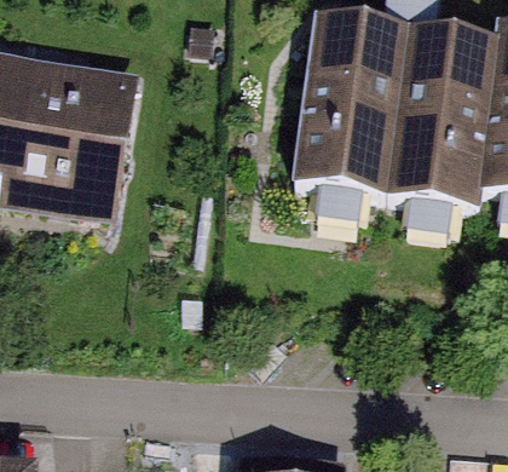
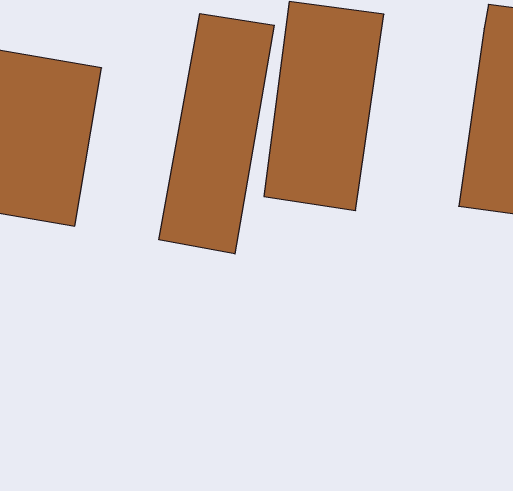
building: none -> [159,14,274,254]
building: [357,28,467,208] -> none

